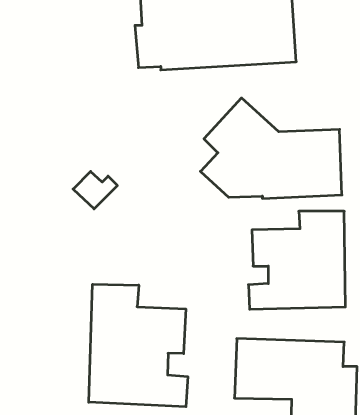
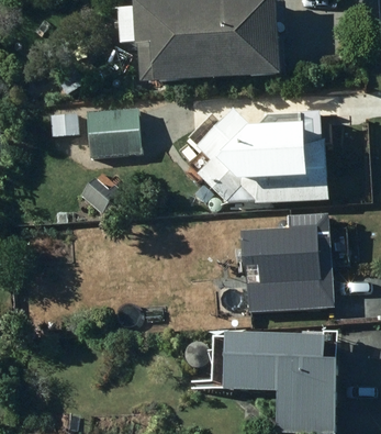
building: none -> [79,104,133,153]
building: [89,284,188,407] -> none

